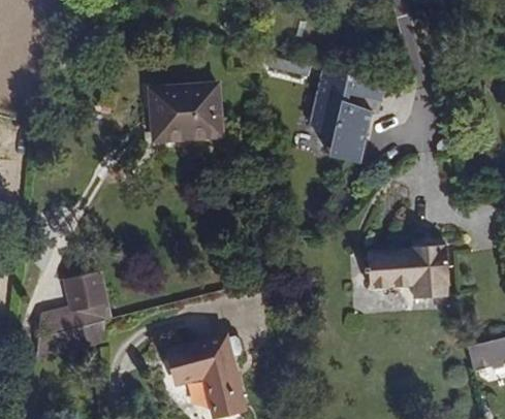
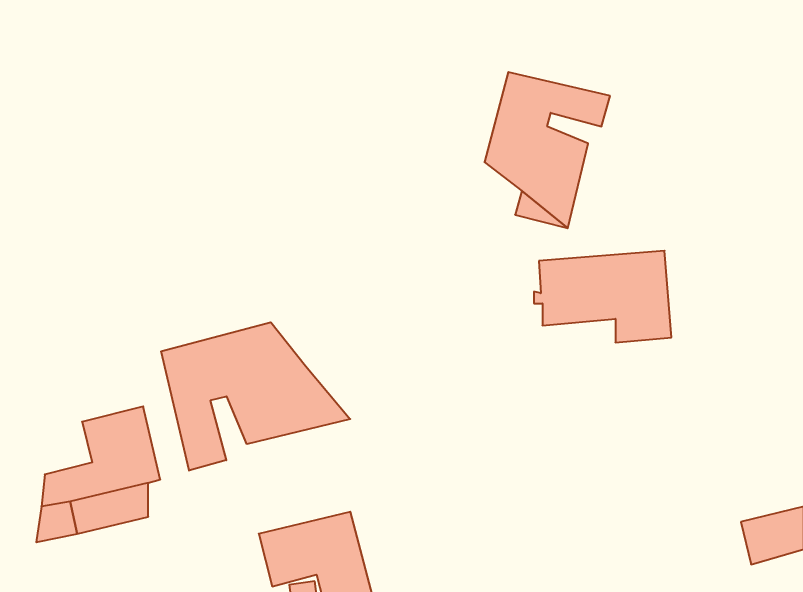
building: [154,85,224,141] -> none
building: none -> [161,322,350,471]
building: [366,245,449,300] -> [534,251,671,342]

